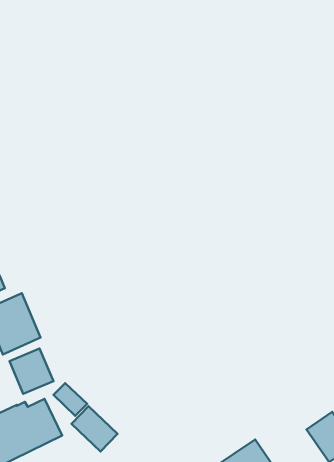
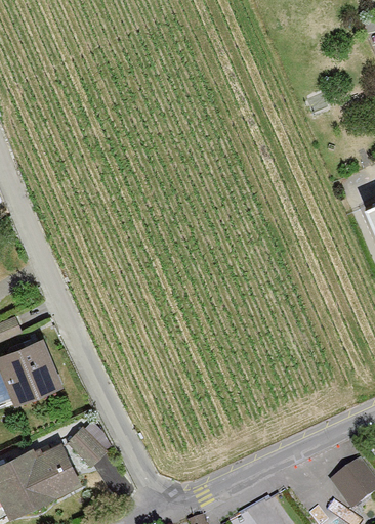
building: [9,349,53,394] -> none
building: [72,406,117,452] -> none

